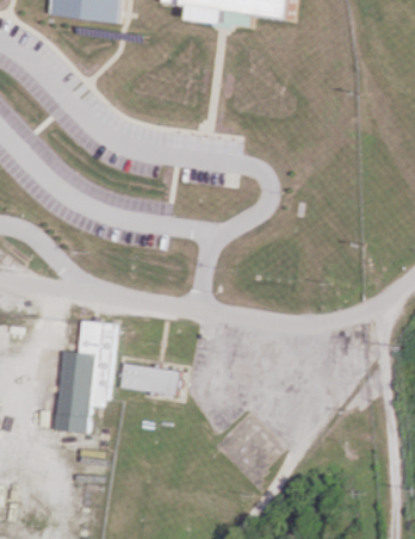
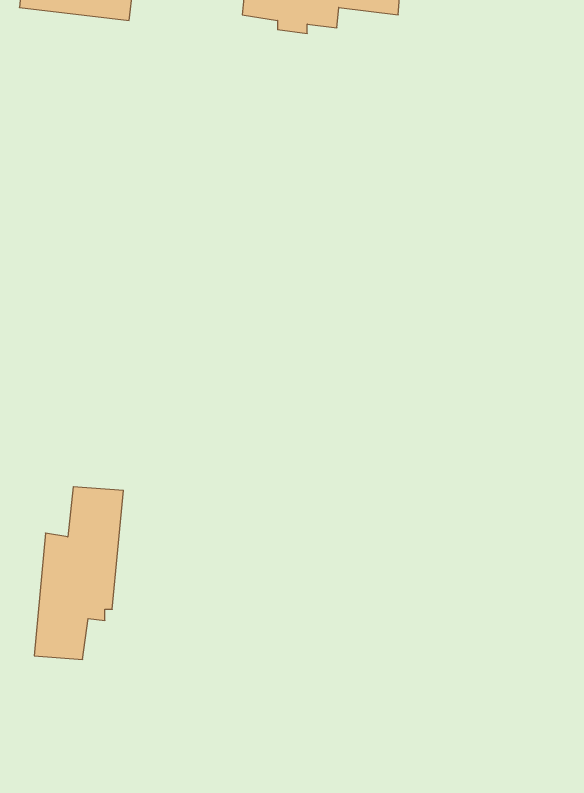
building: [119,363,179,395] -> none

